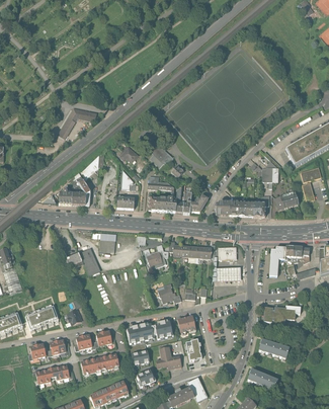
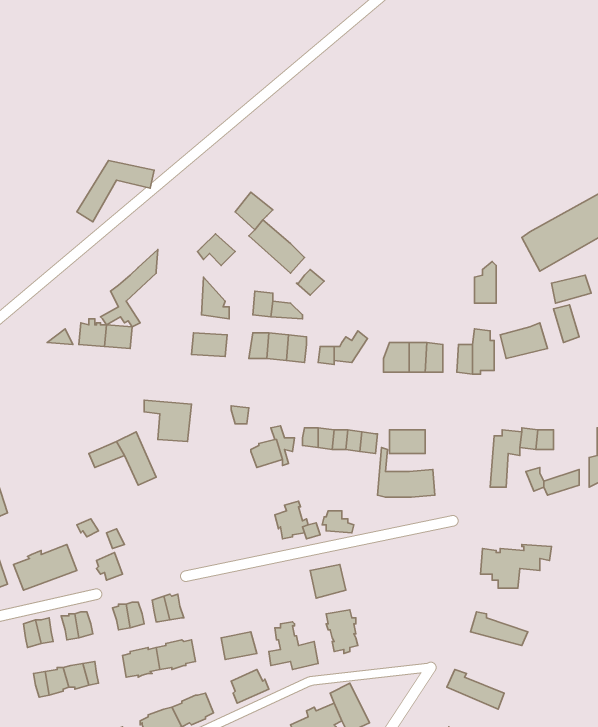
building: [127,320,173,342] -> none

